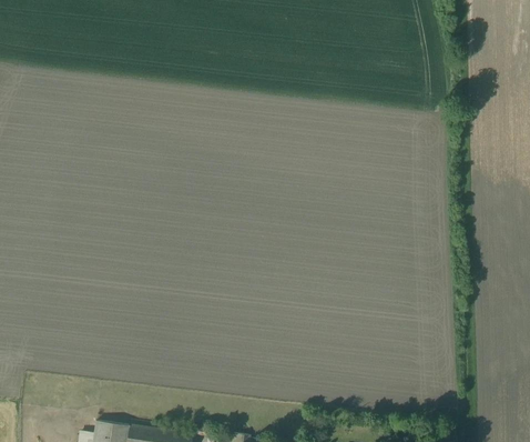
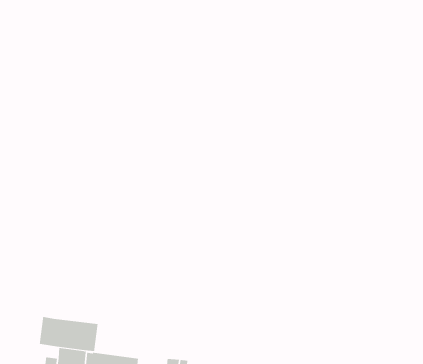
building: none -> [39,316,98,352]

